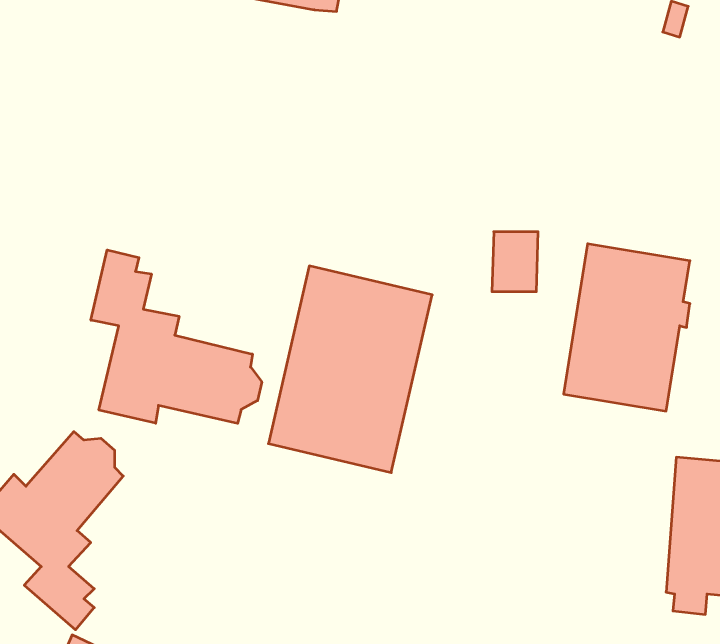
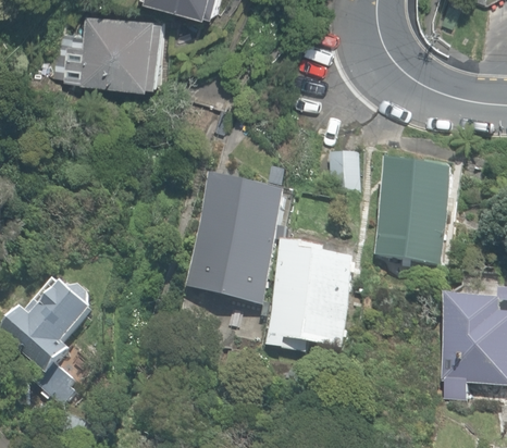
building: none -> [51,13,163,85]
building: [91,250,262,423] -> none
building: none -> [263,239,355,347]

